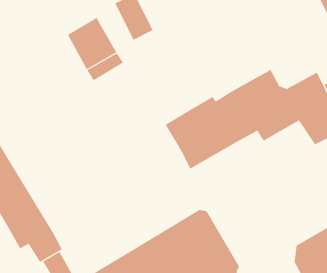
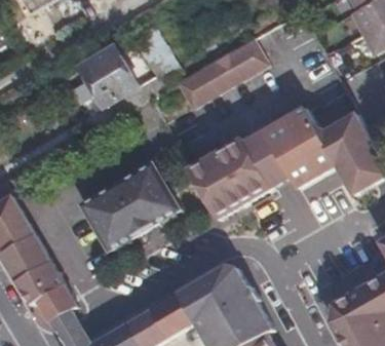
building: none -> [175,37,266,108]
building: none -> [80,161,177,246]

